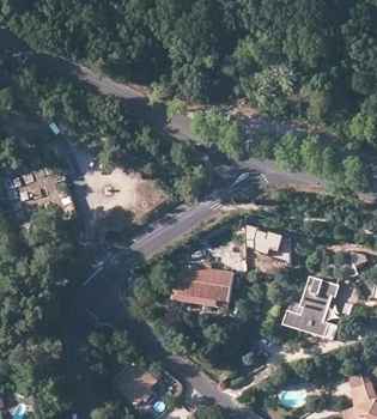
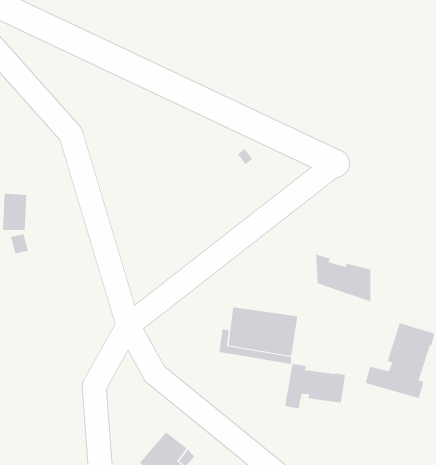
building: none -> [285,363,345,409]

